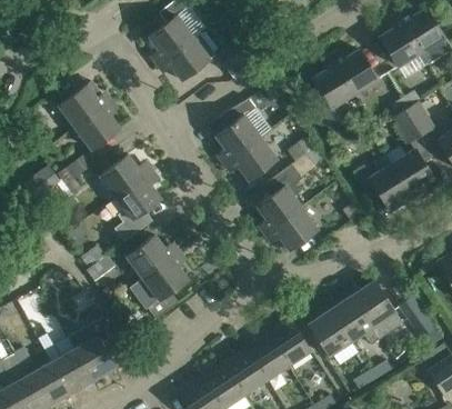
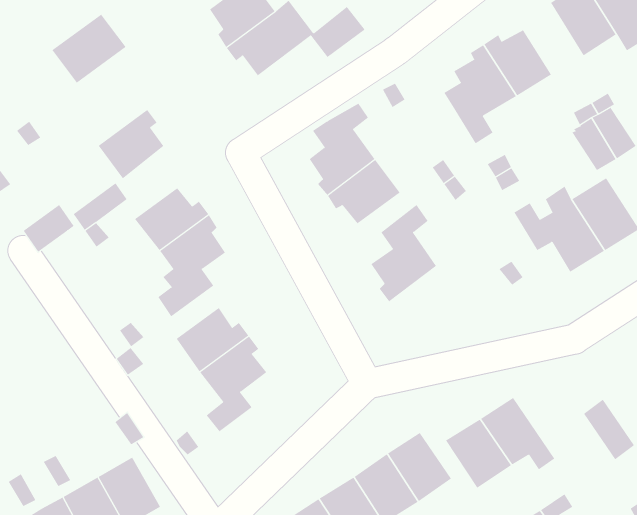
building: [59,81,109,128] -> [52,14,126,84]
building: [270,208,319,253] -> none
building: [353,280,403,337] -> none

